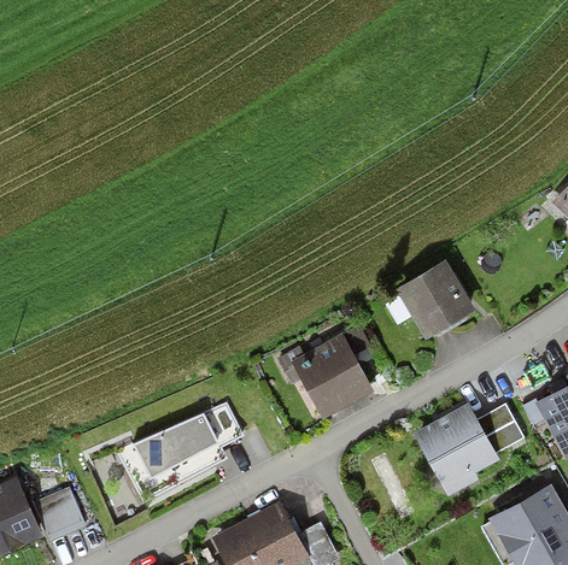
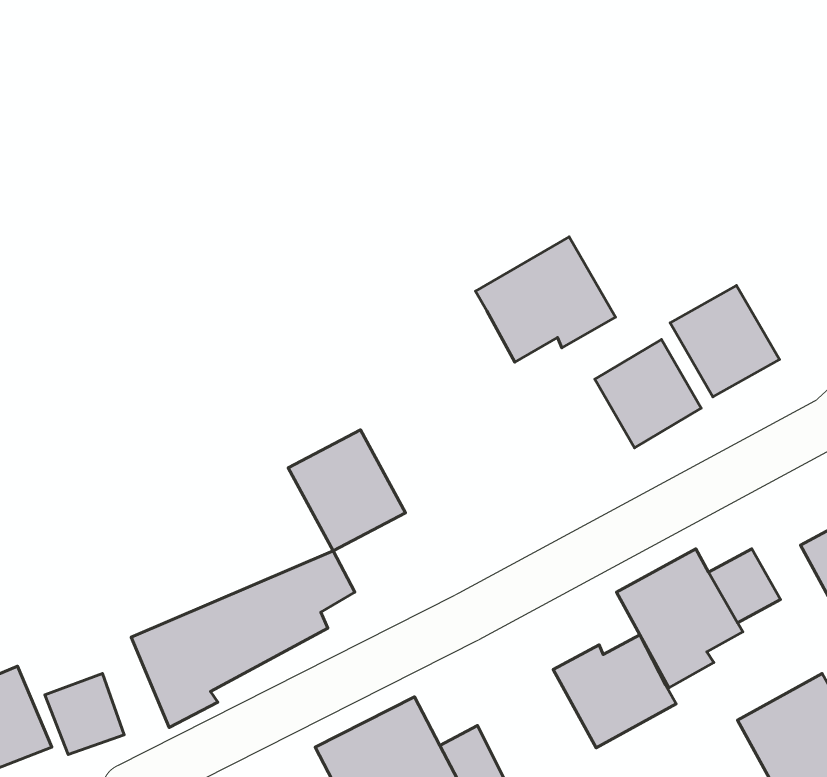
building: none -> [475,237,616,362]
building: none -> [670,285,779,397]
building: [293,336,371,417] -> [288,430,405,551]
building: none -> [553,635,676,748]

